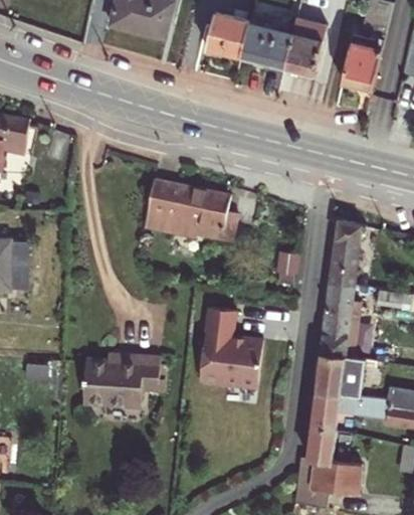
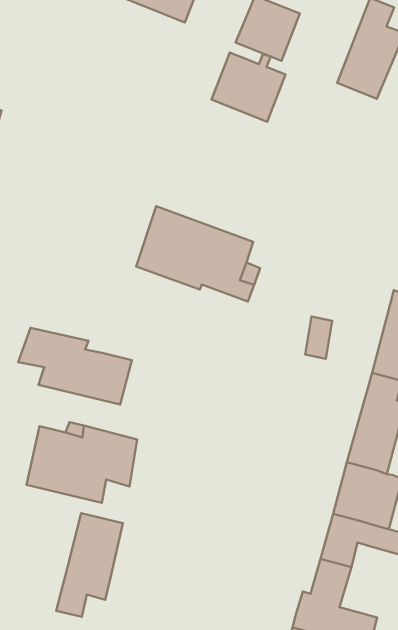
building: [233,18,286,68] -> [211,52,286,122]
building: none -> [18,328,132,404]
building: [203,309,266,389] -> none
building: none -> [56,513,123,617]

